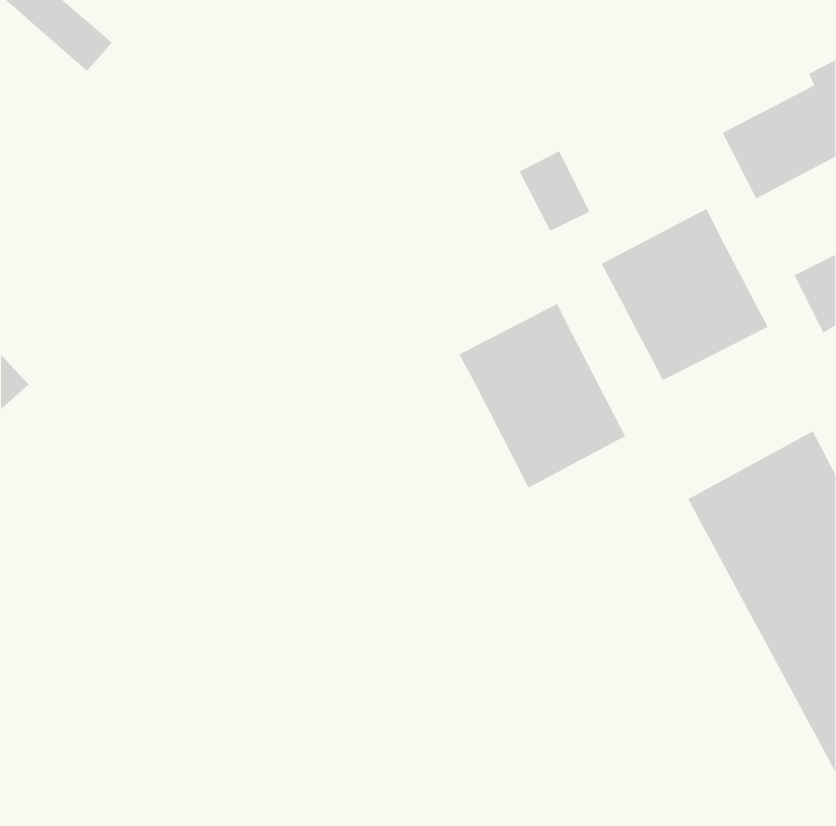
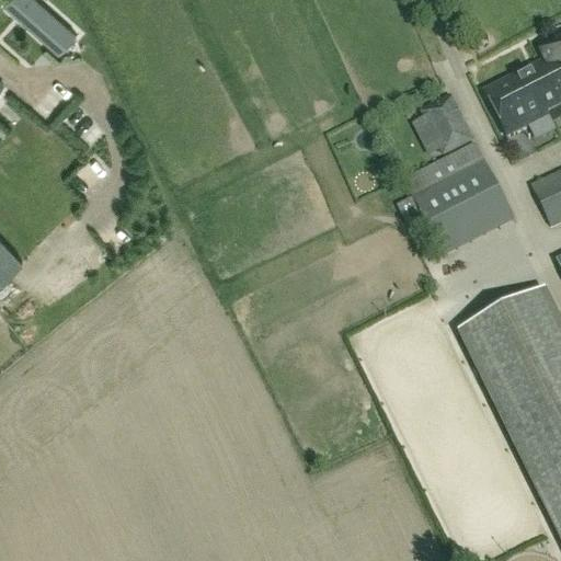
building: [519,150,591,232] -> [423,96,471,151]
building: [458,303,626,489] -> none

